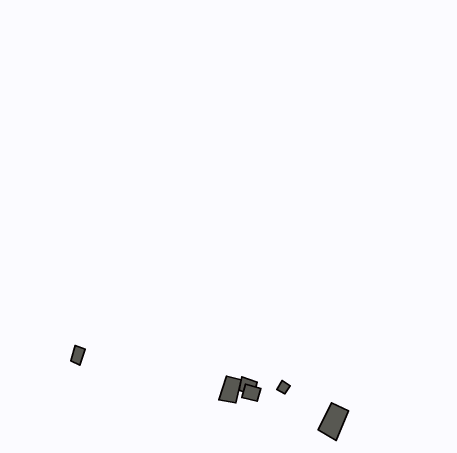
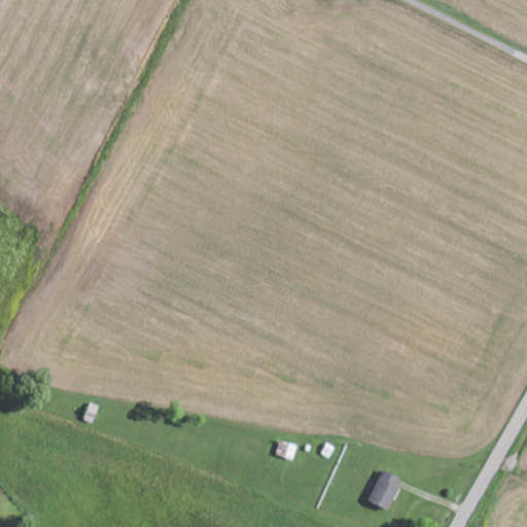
building: [219,376,241,403] -> none

